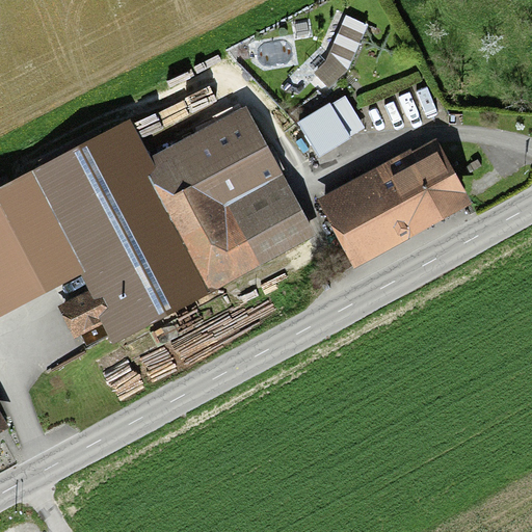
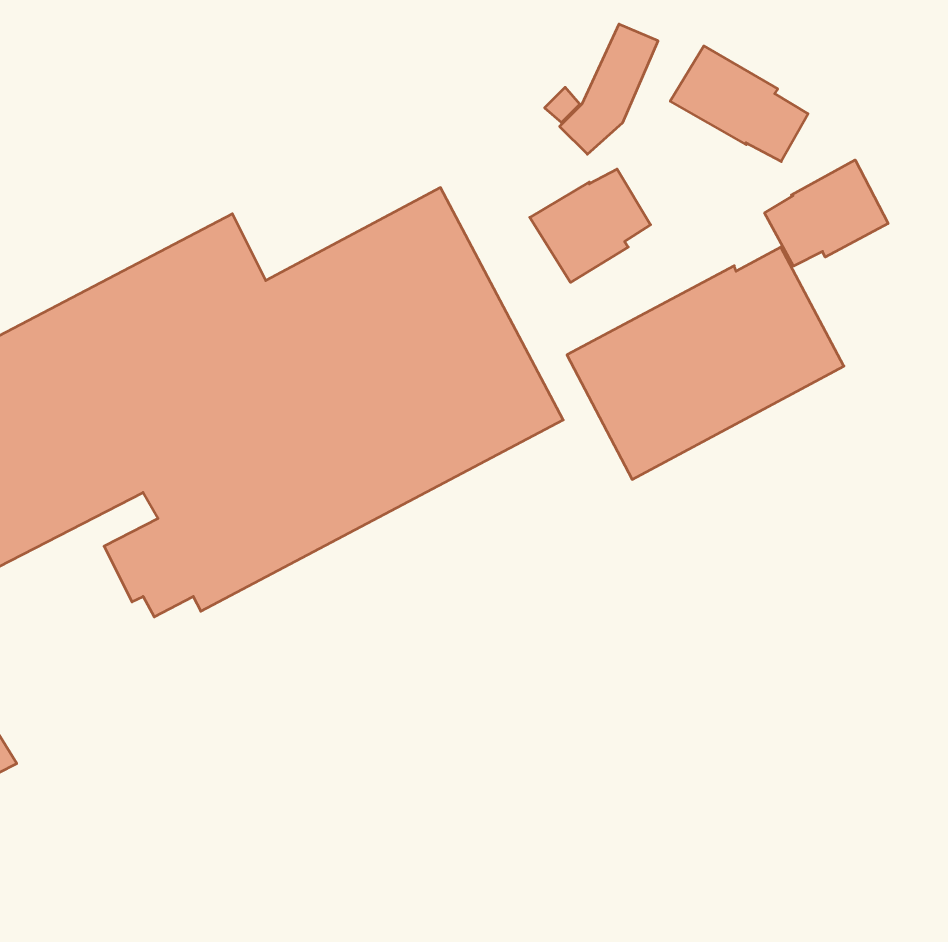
building: none -> [670,46,808,162]
building: none -> [765,160,888,266]

